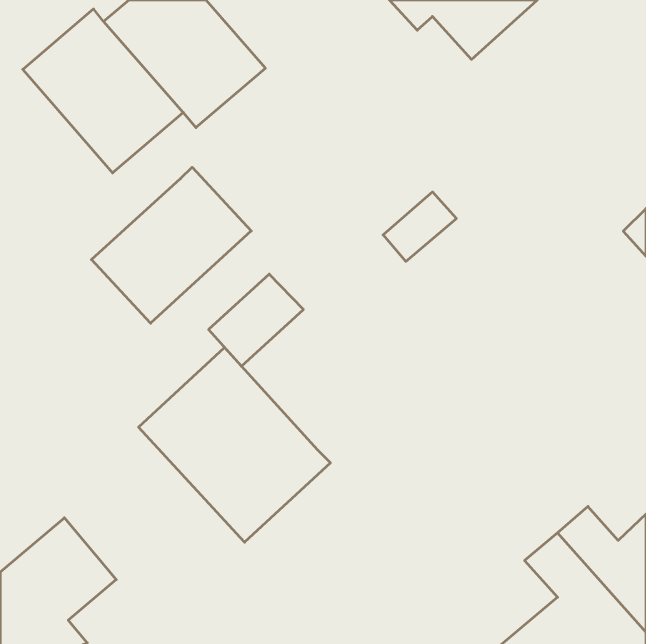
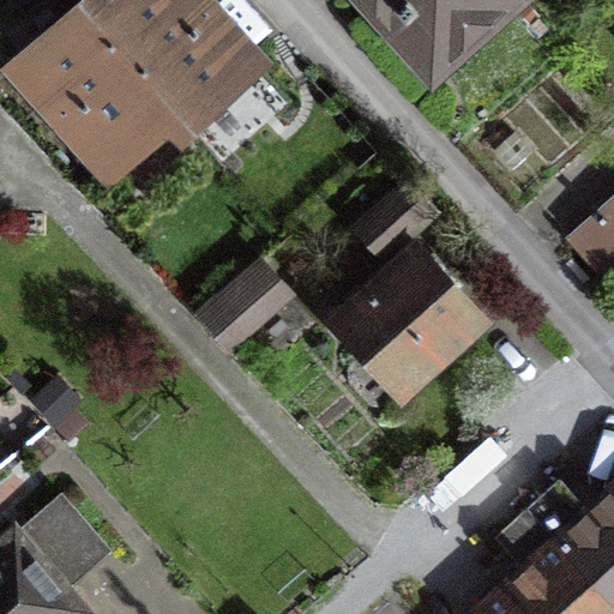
building: [91,167,251,323] -> none
building: none -> [341,252,477,389]
building: [139,347,330,542] -> none

